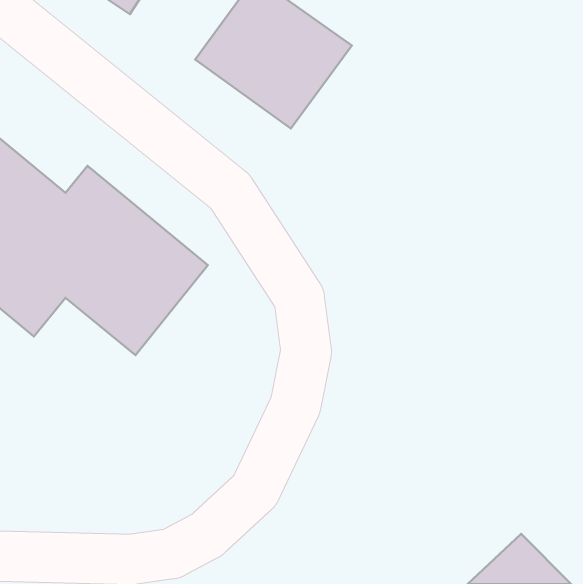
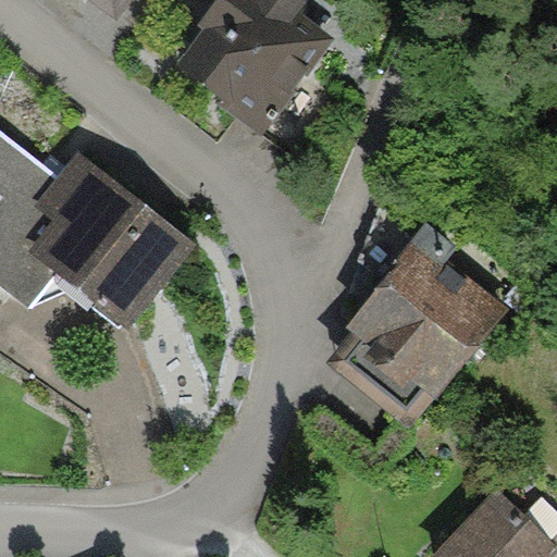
building: none -> [342,245,496,399]

